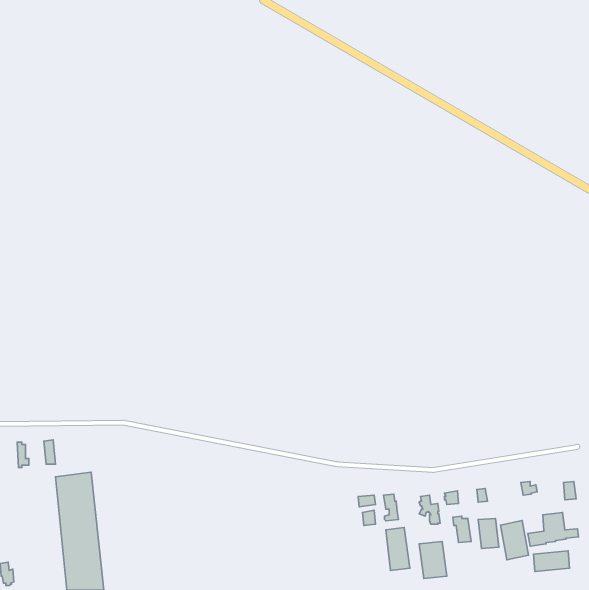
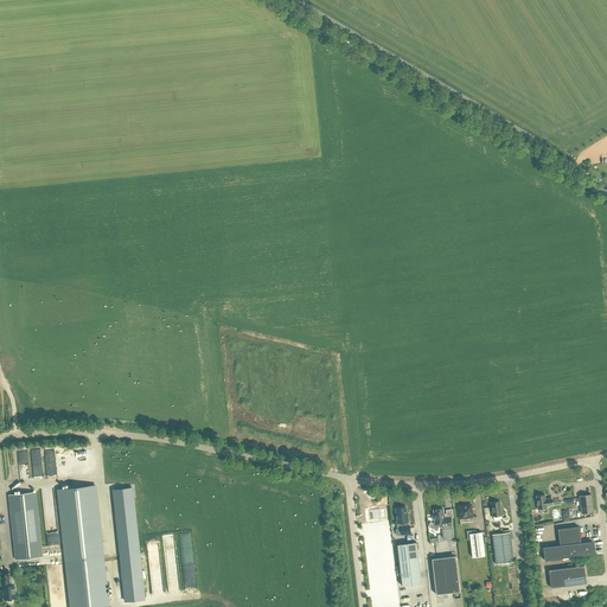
building: none -> [113,487,142,601]
building: none -> [7,492,41,560]
building: [501,520,528,560] -> none

